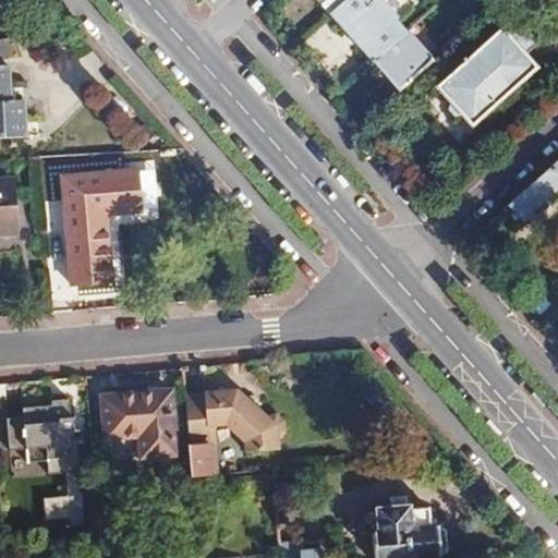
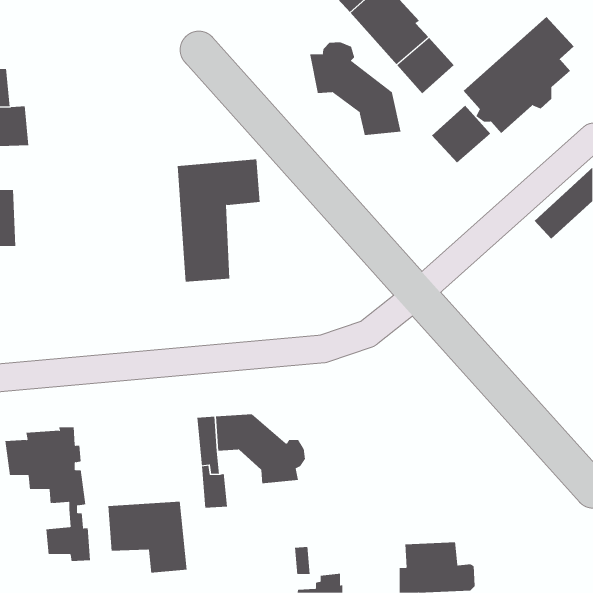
building: none -> [310,42,401,136]
building: none -> [431,105,491,163]
building: [62,169,141,284] -> [177,159,260,282]
building: [104,392,179,460] -> [107,501,188,573]

